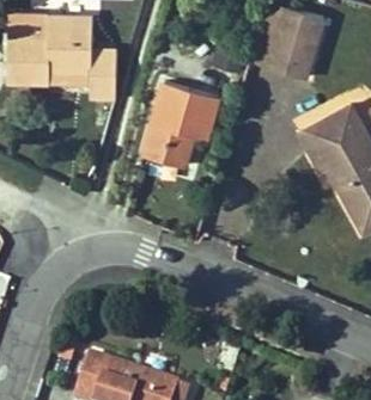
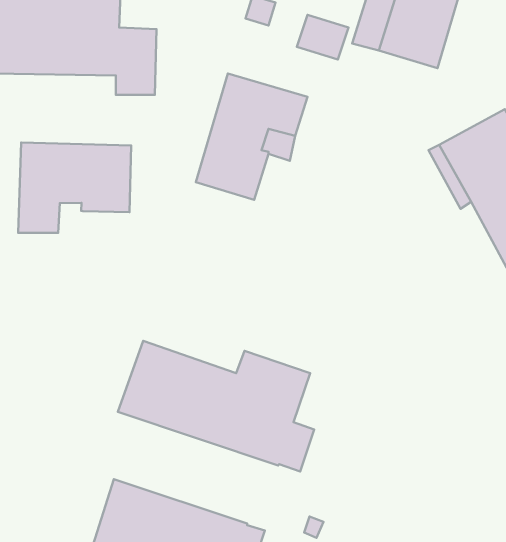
building: none -> [18,142,131,233]
building: none -> [118,341,314,472]

